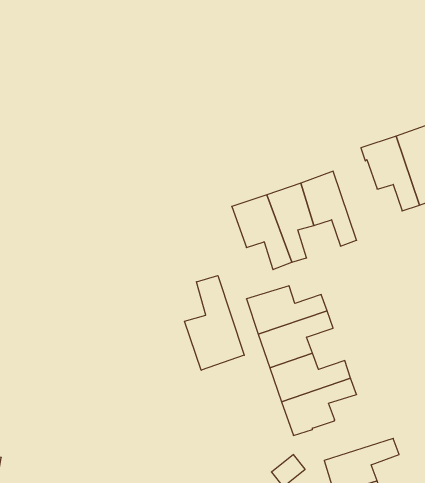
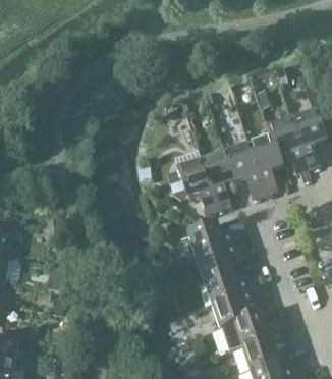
building: none -> [247,139,282,195]
building: [184,276,244,370] -> none
building: none -> [233,314,289,347]

